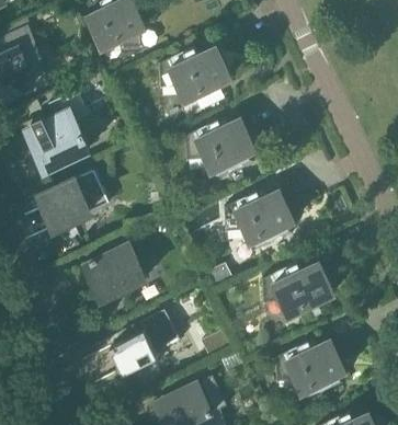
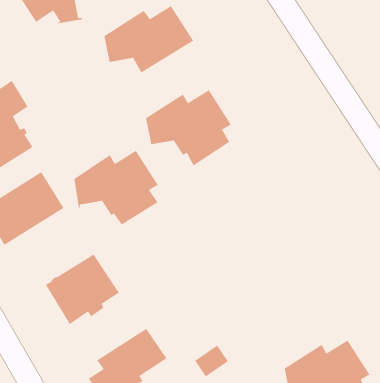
building: [224,193,294,254] -> [73,150,159,225]
building: [261,263,334,317] -> none

